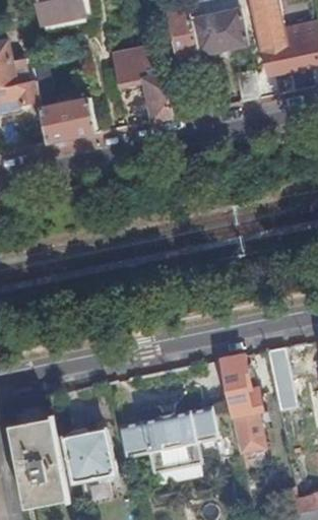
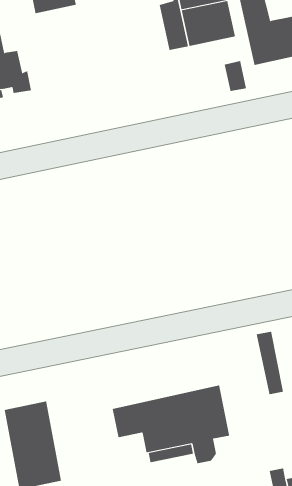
building: [111,53,170,122] -> none
building: [30,61,98,143] -> none
building: [220,353,264,452] -> none
building: [65,429,116,481] -> none

